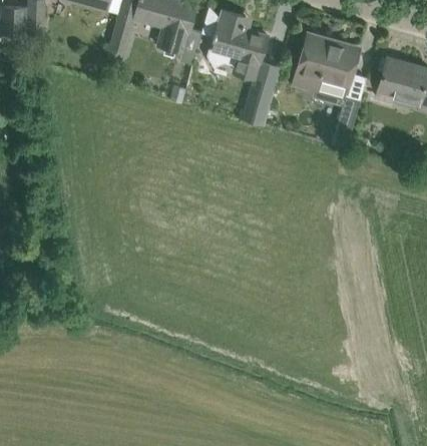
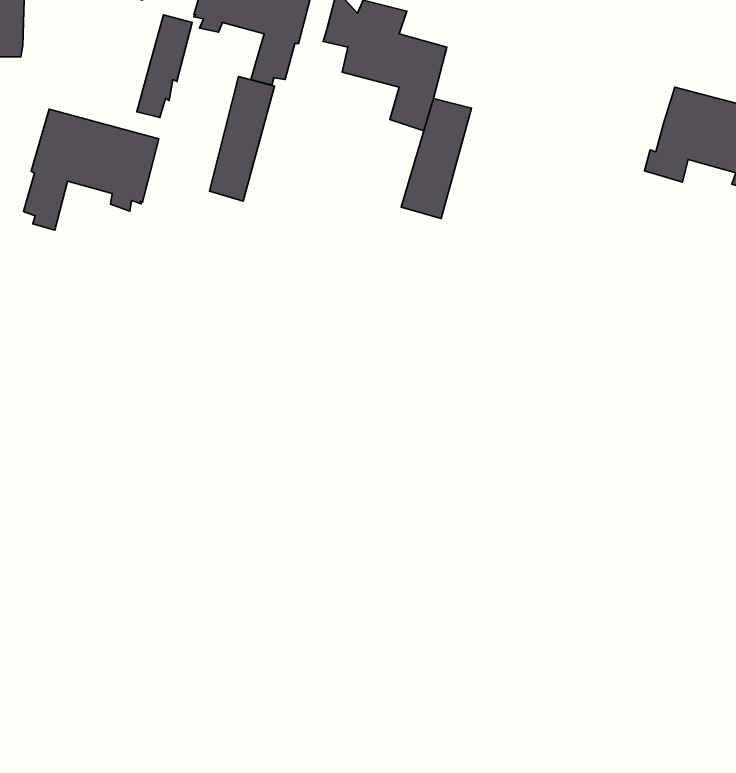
building: [293,33,360,148] -> none
building: none -> [210,77,275,201]
building: none -> [24,109,159,230]

